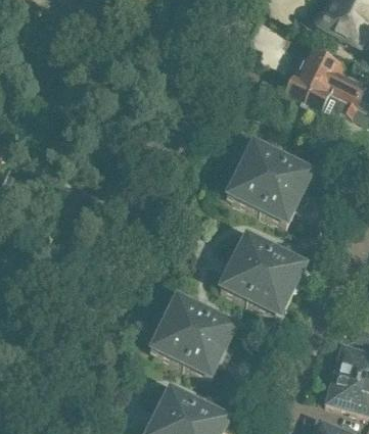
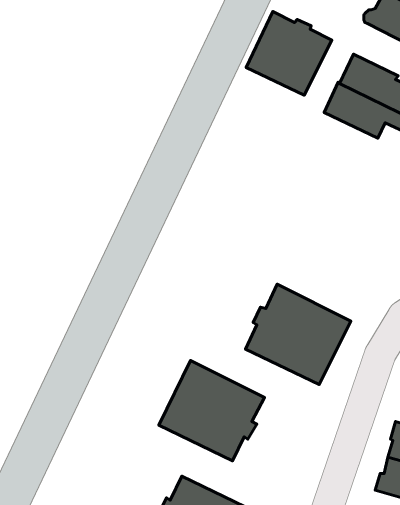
building: none -> [246,12,332,95]
building: [228,141,313,222] -> none

